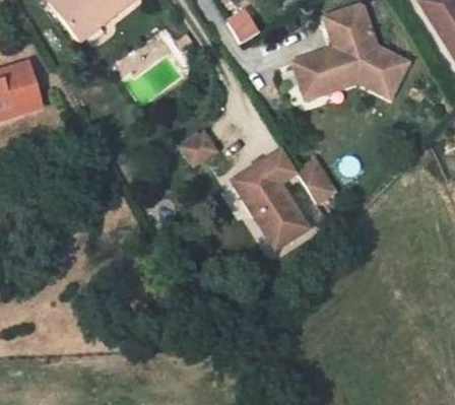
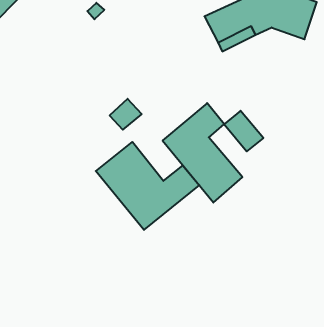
building: none -> [96,142,199,230]

